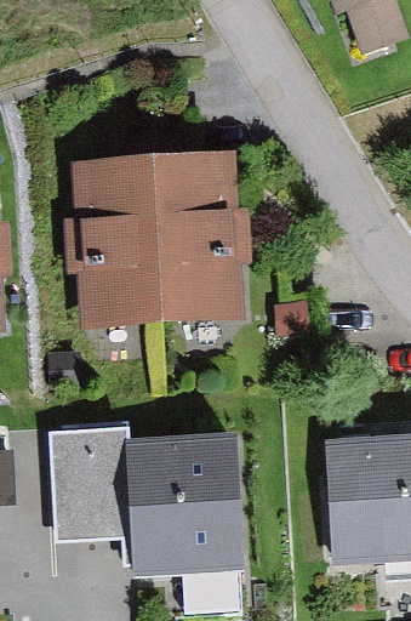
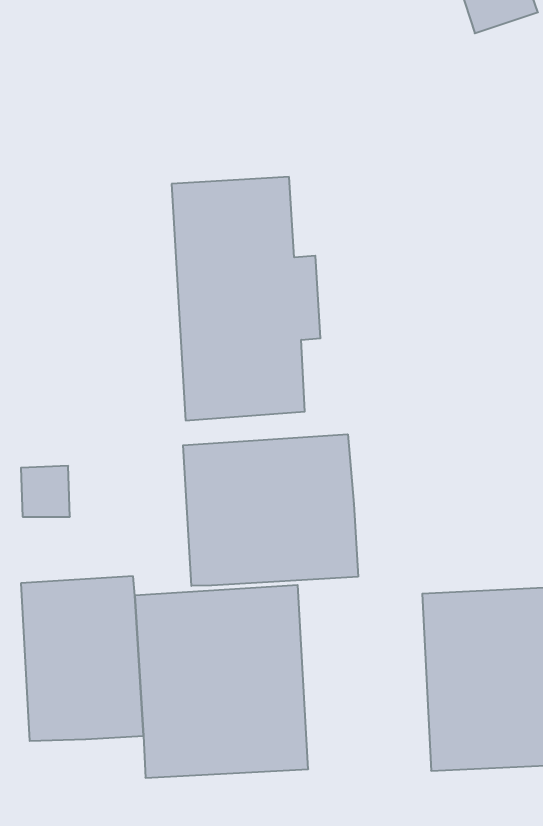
building: [63,156,160,324] -> none
building: none -> [183,434,358,586]

